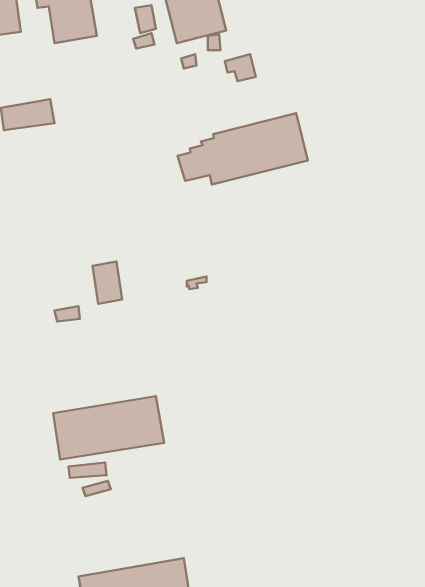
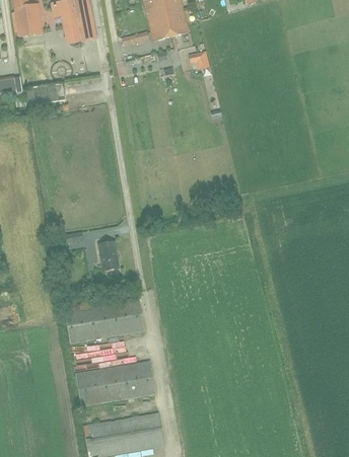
building: [178,113,308,185] -> none
building: [93,262,122,304] -> [97,240,119,271]
building: none -> [74,360,155,405]

